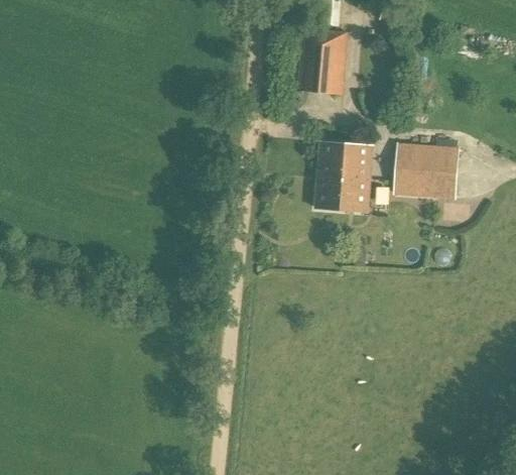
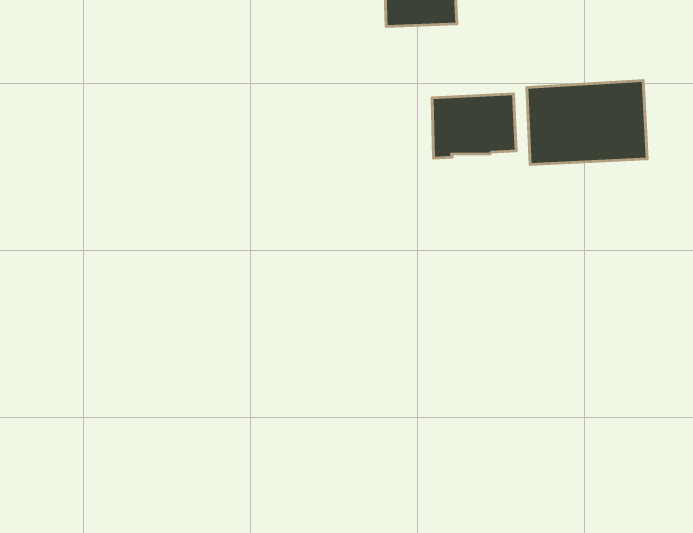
building: [317,180,374,213] -> none

